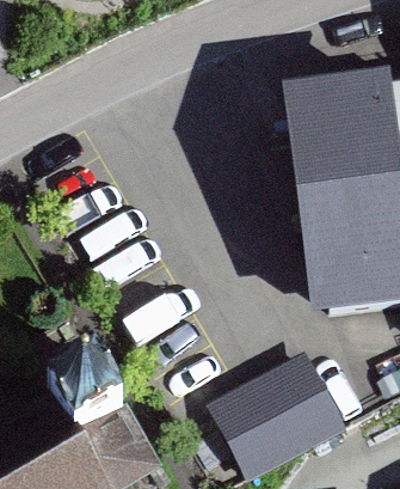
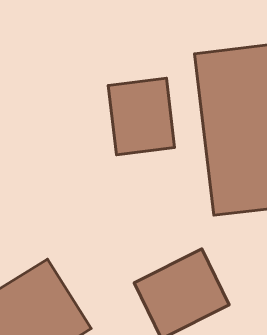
building: none -> [108,78,175,155]

